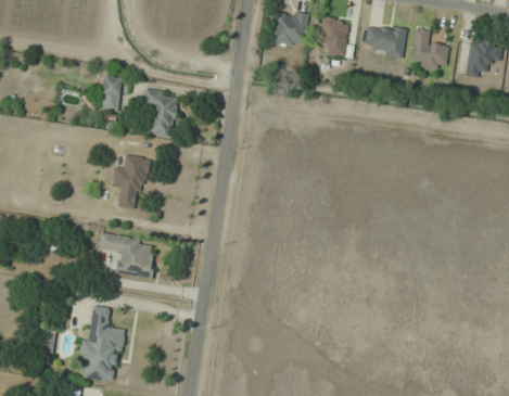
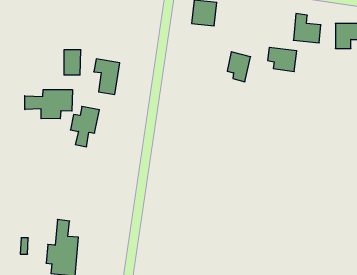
building: [318,16,349,56] -> [227,52,251,82]
building: [366,25,405,58] -> [268,47,297,72]
building: none -> [25,90,72,119]
building: [98,232,154,278] -> none

